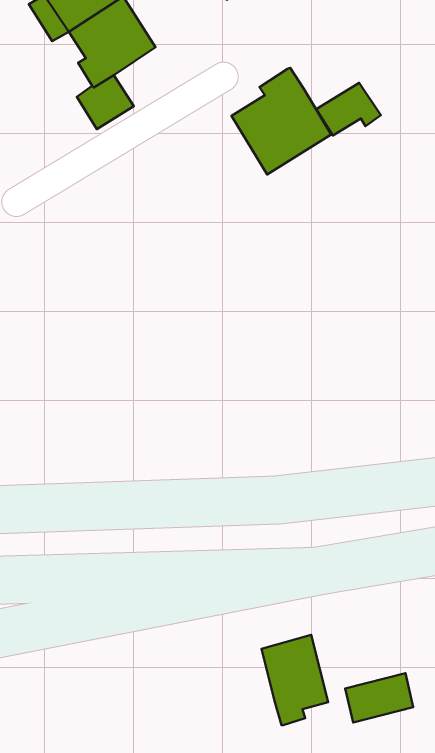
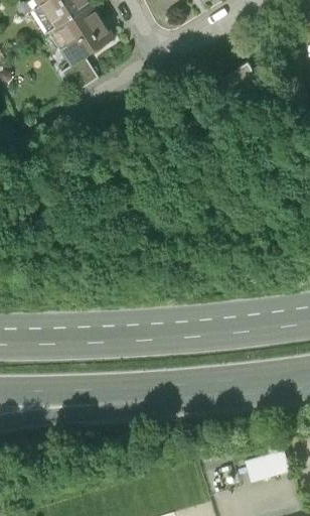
building: [231,68,331,175] -> none
building: [261,635,328,725] -> none

